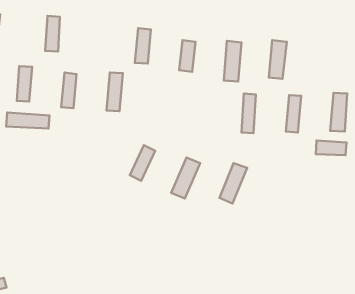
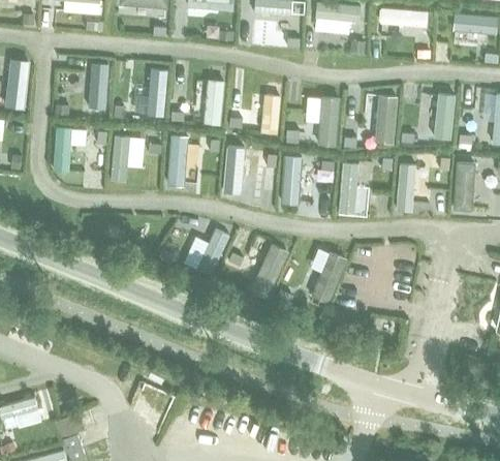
building: none -> [146,69,166,117]
building: none -> [432,95,455,141]
building: none -> [222,147,243,195]
building: none -> [280,156,301,206]
building: [6,112,50,128] -> none
building: [316,140,346,155] -> none

